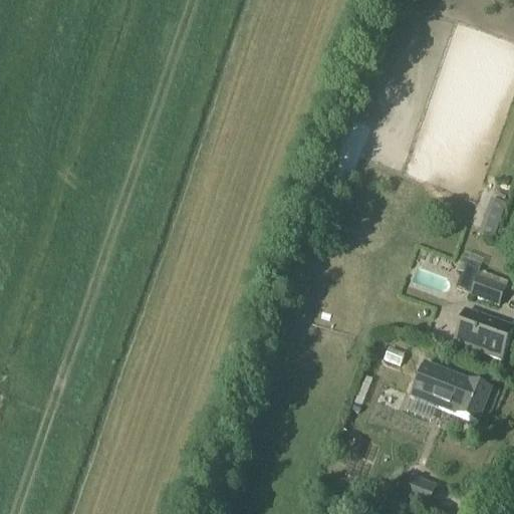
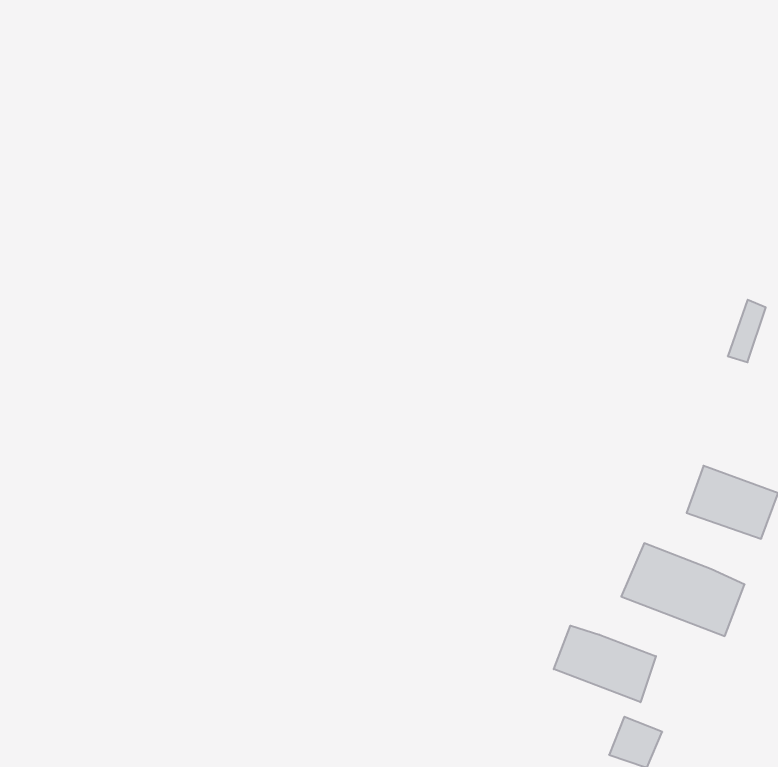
building: [470,273,505,302] -> none
building: none -> [554,626,656,702]

